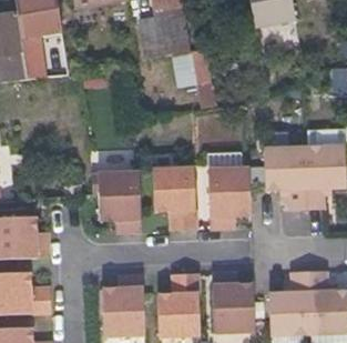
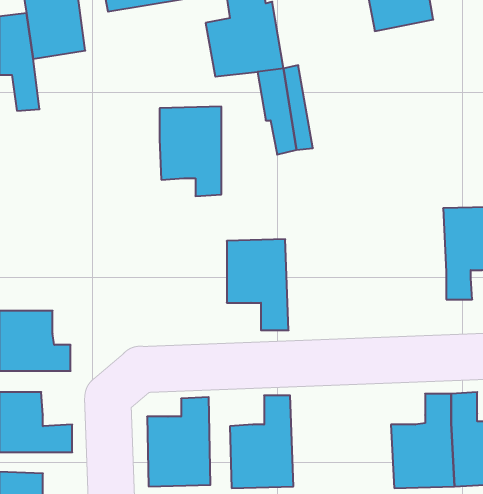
building: [264,147,305,210] -> none
building: [208,167,252,229] -> none
building: [100,171,142,232] -> [160,107,221,196]
building: [212,273,256,334] -> none

